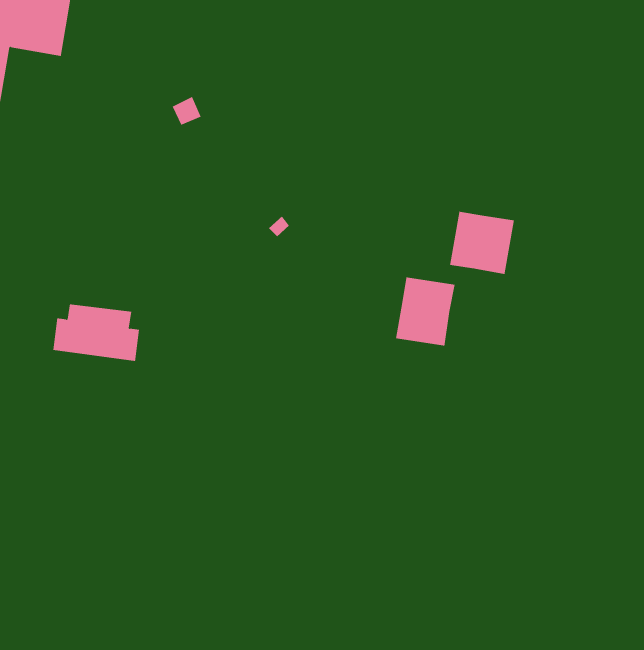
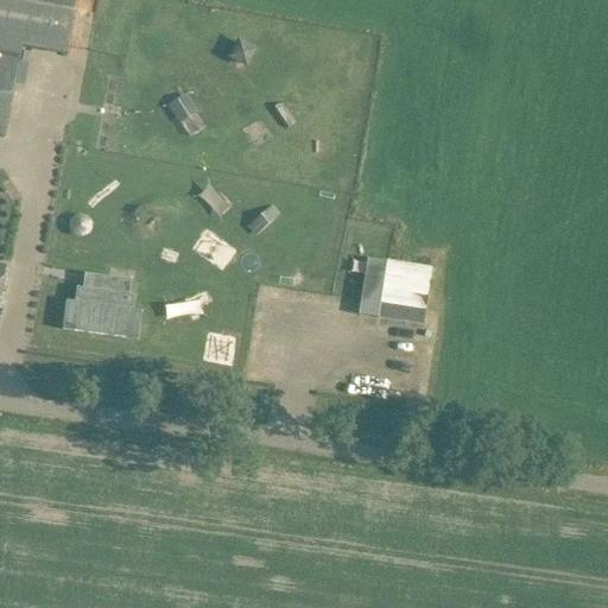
building: [449,211,515,275] -> none

